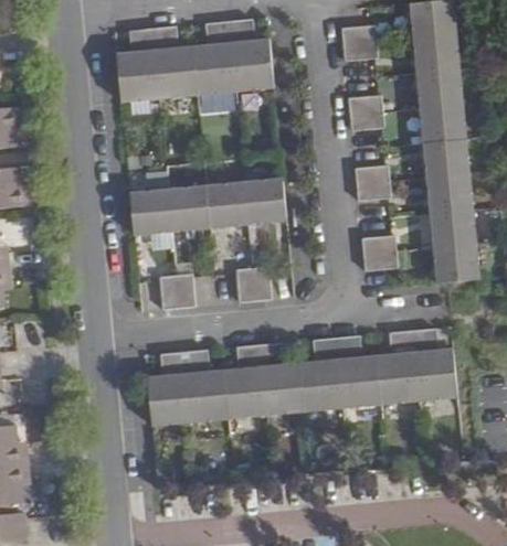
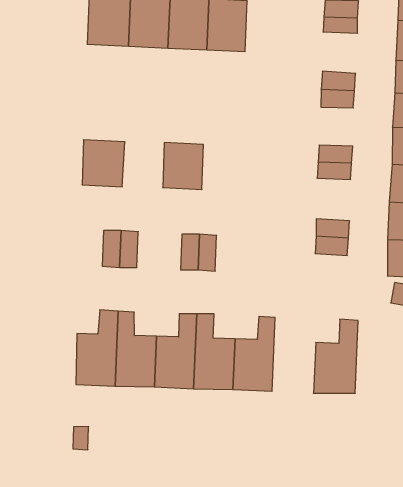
building: [244,179,285,225] -> none
building: [169,185,211,233] -> none
building: [414,328,457,399] -> none
building: [335,335,381,408] -> none

